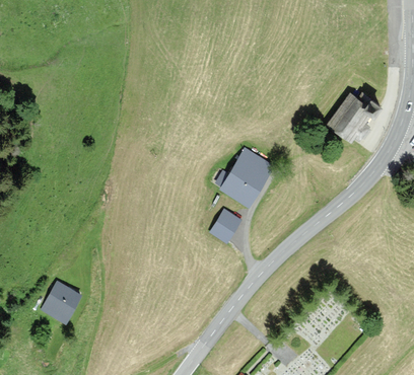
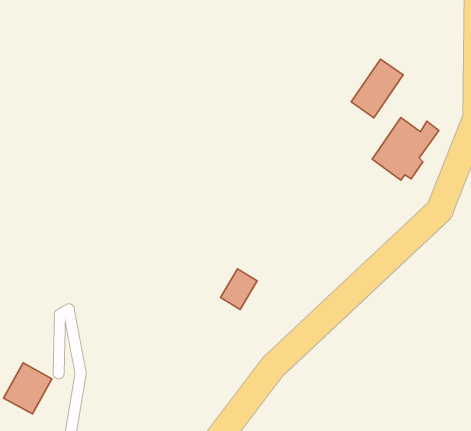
building: none -> [351,59,403,118]
building: [221,150,271,204] -> none

